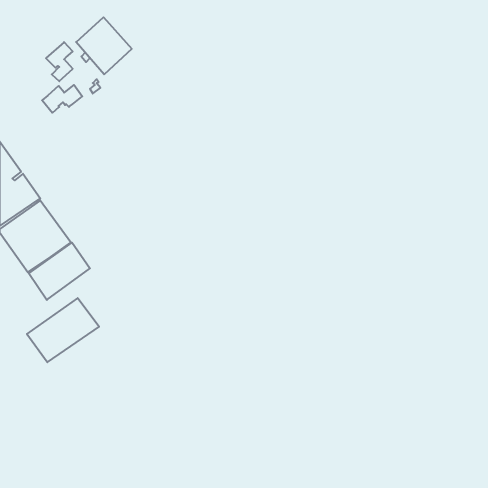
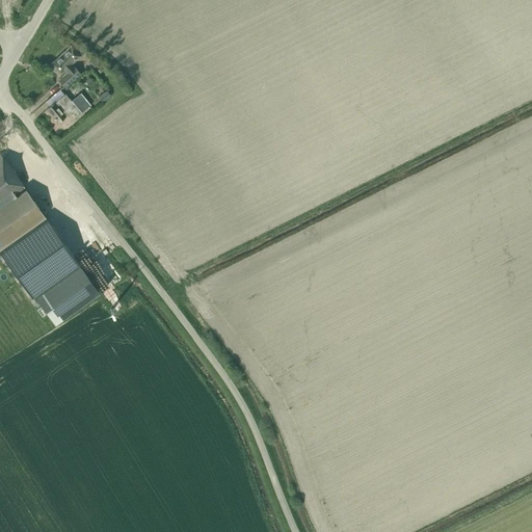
building: [76,17,132,74] -> none
building: [27,298,99,362] -> none

